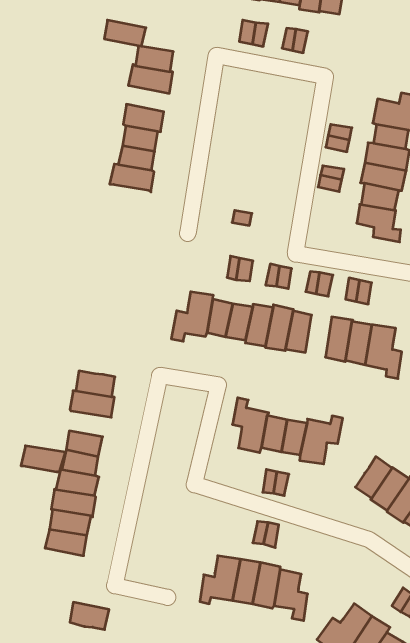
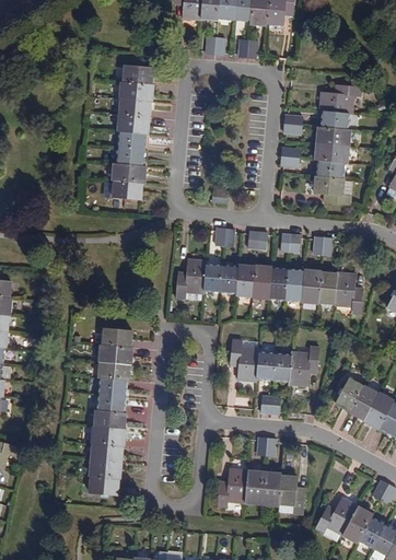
building: [104,20,146,46] -> [120,96,153,115]
building: none -> [114,177,144,197]
building: none -> [283,268,302,301]
building: [21,446,65,472] -> [96,363,131,382]
building: [70,602,109,630] -> [88,476,118,495]

